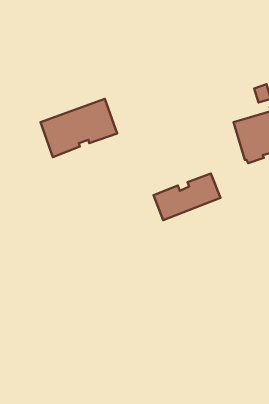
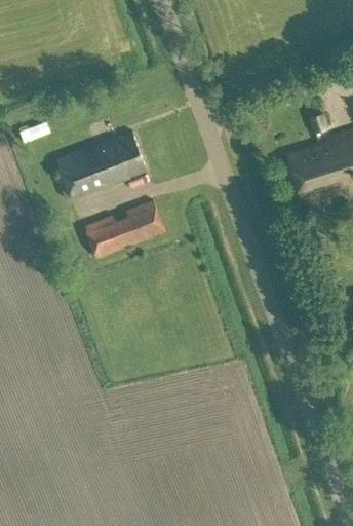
building: [154,173,221,220] -> [84,201,163,257]

